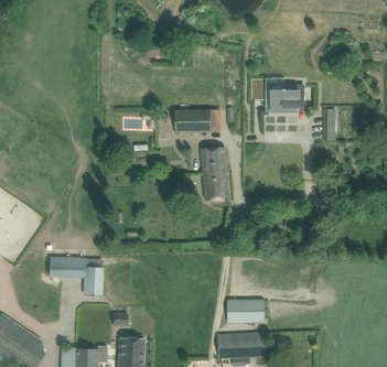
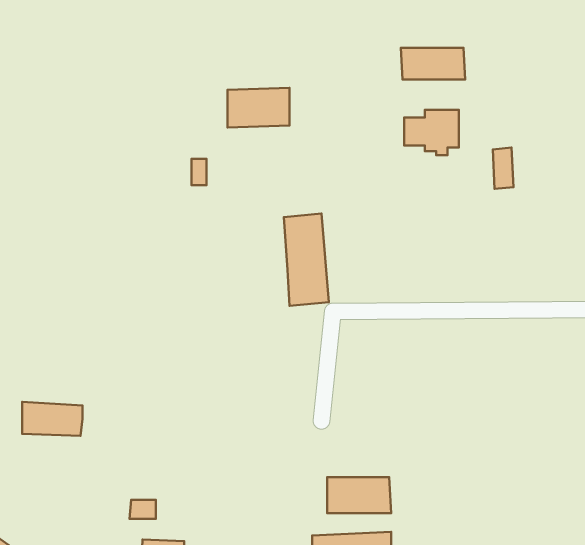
building: none -> [401,48,465,80]
building: [175,109,212,132] -> [227,88,290,127]
building: [83,266,103,294] -> none

